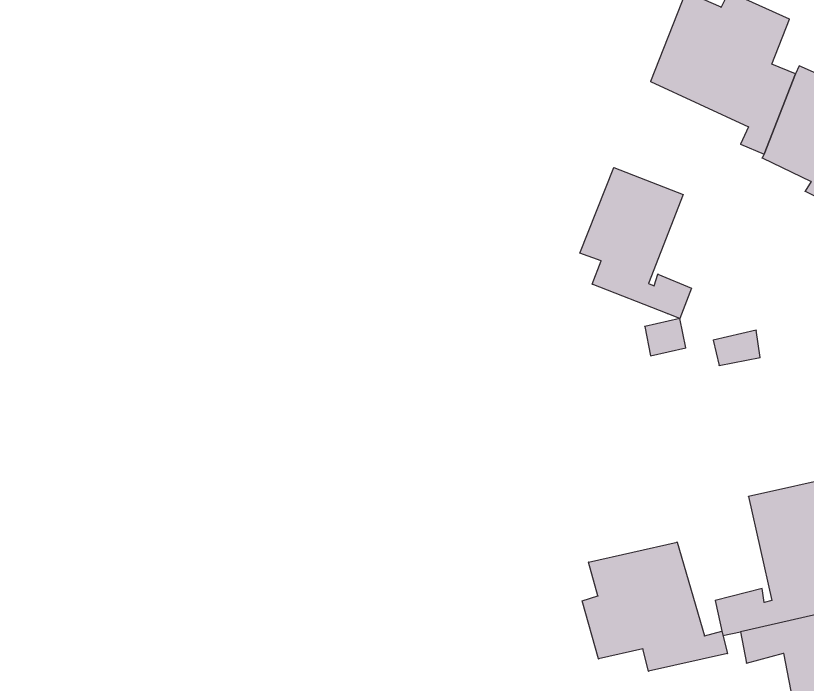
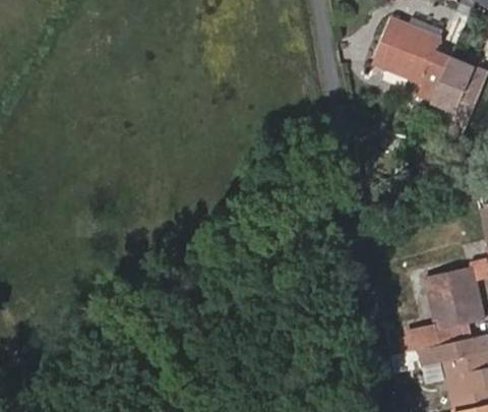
building: [580,168,692,319] -> none
building: [582,542,727,671] -> none

